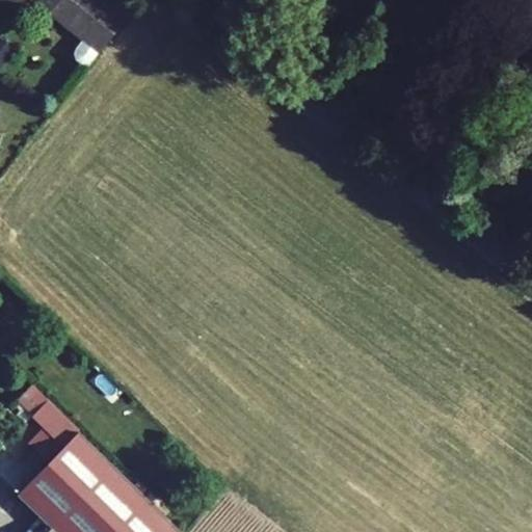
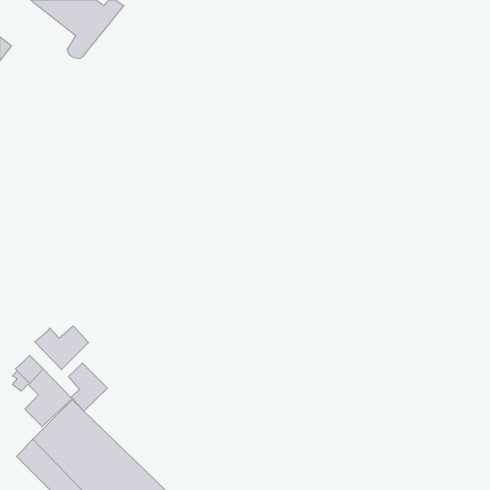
building: none -> [35,326,89,370]
building: none -> [68,363,108,411]

